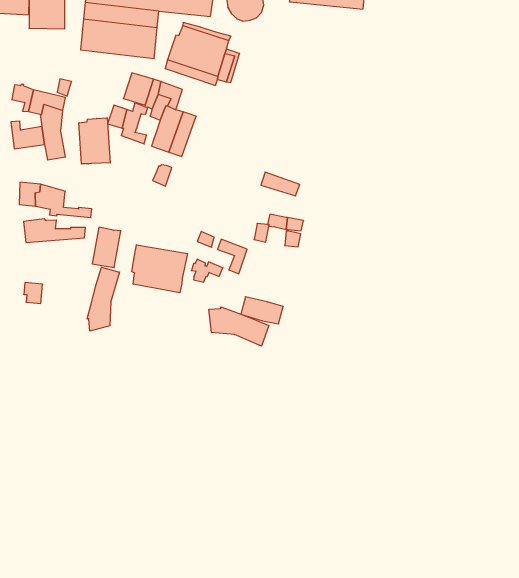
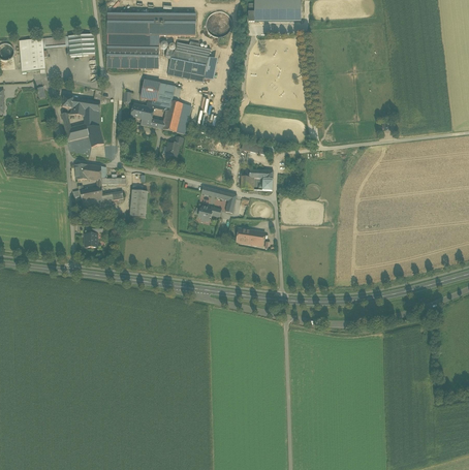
building: [79,118,110,164] -> none
building: [132,245,188,293] -> none
building: [87,267,120,331] -> none
building: [209,307,269,346] -> none

